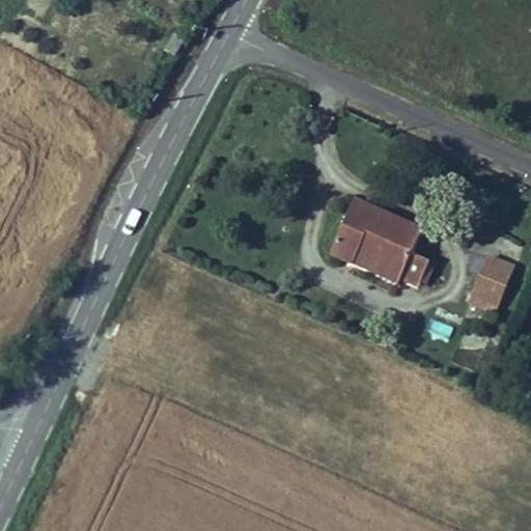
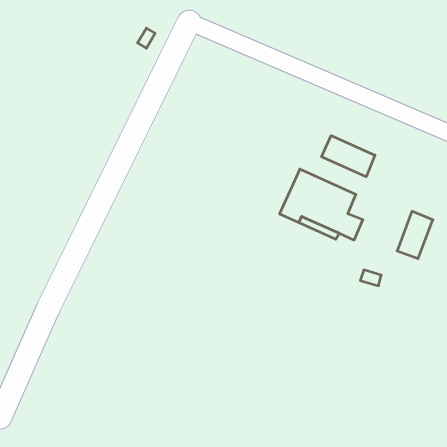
building: none -> [322,136,375,177]

